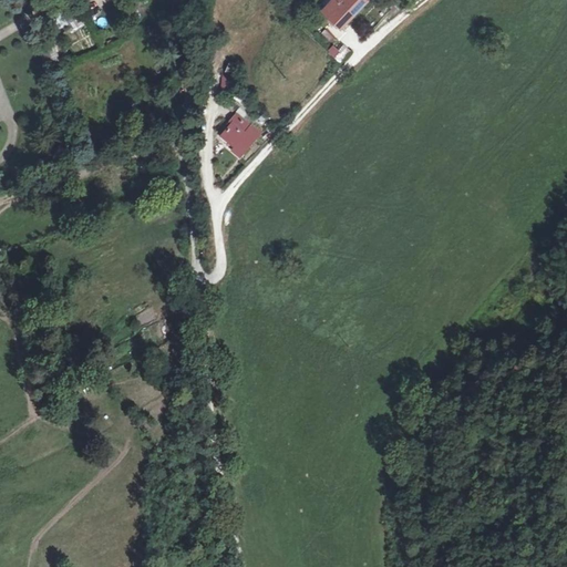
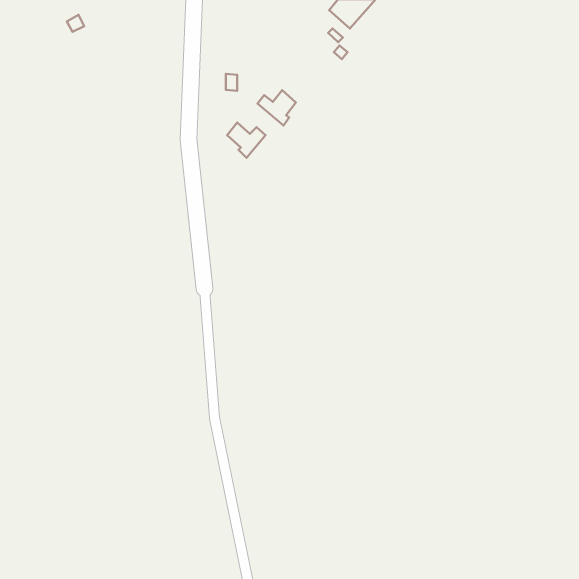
building: none -> [257,90,296,126]

